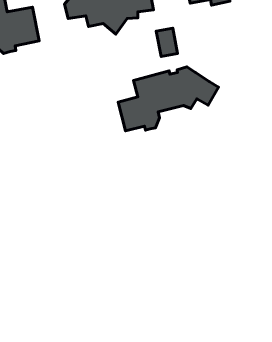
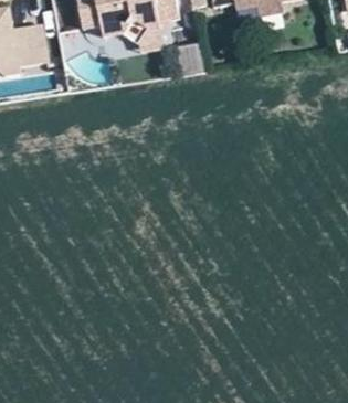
building: [118,67,218,131] -> none

